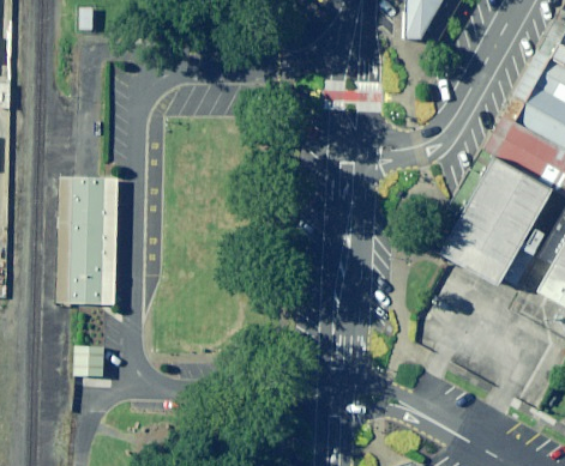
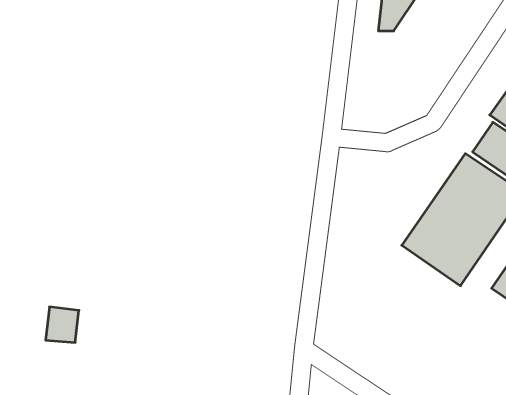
building: [71,177,121,303] -> none

